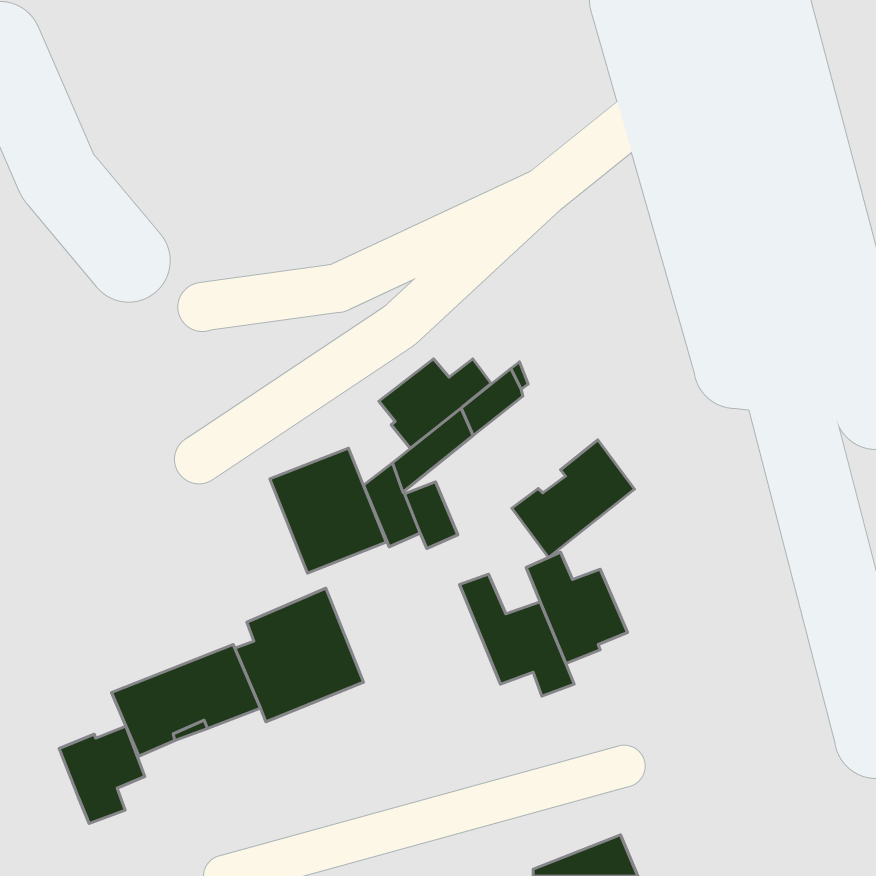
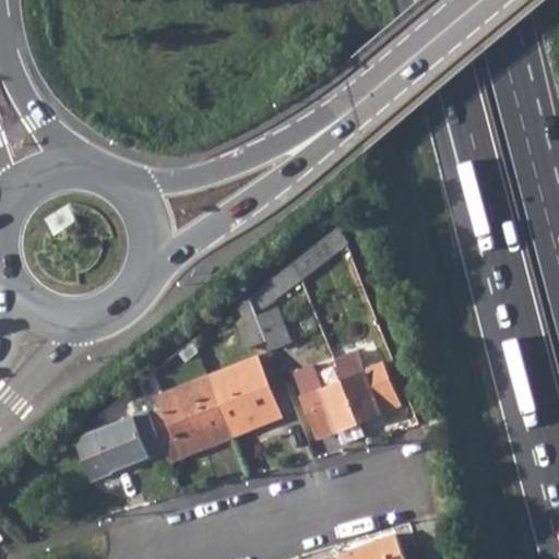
building: [379,359,491,448] -> none
building: [512,440,634,557] -> none
building: [270,448,386,573] -> [207,355,282,435]
building: [59,726,145,823] -> none

